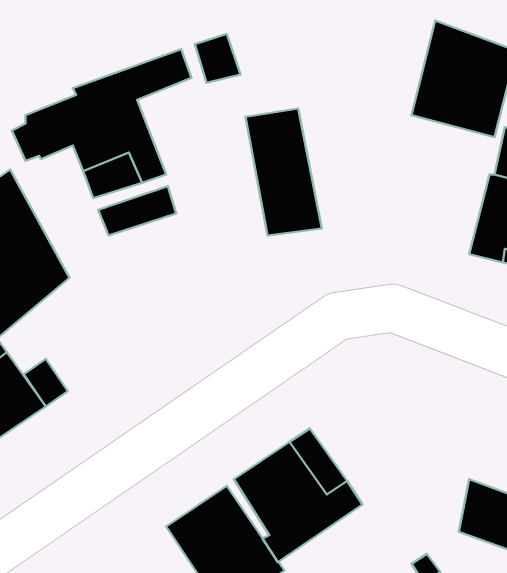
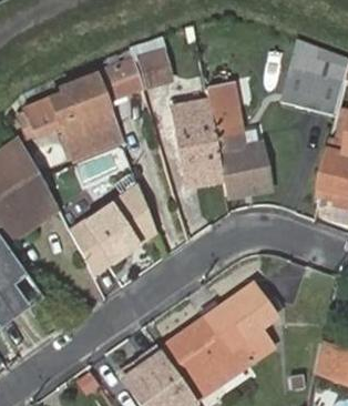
building: none -> [206,81,270,194]
building: none -> [71,180,160,277]
building: none -> [222,283,275,354]

